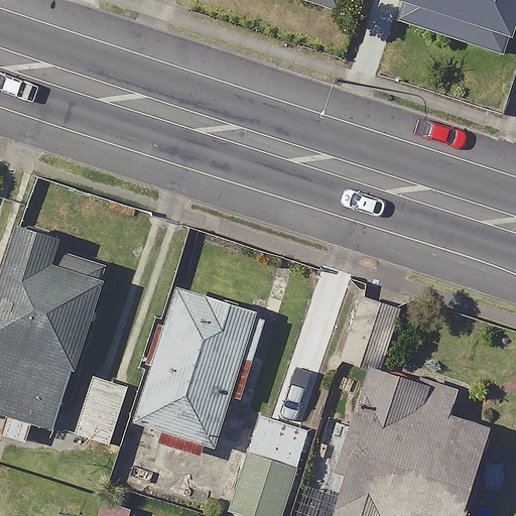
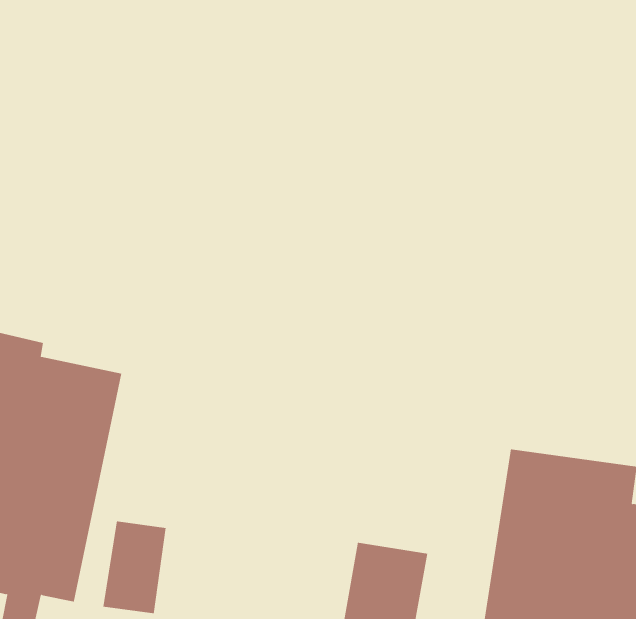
building: [129,287,259,457] -> none

